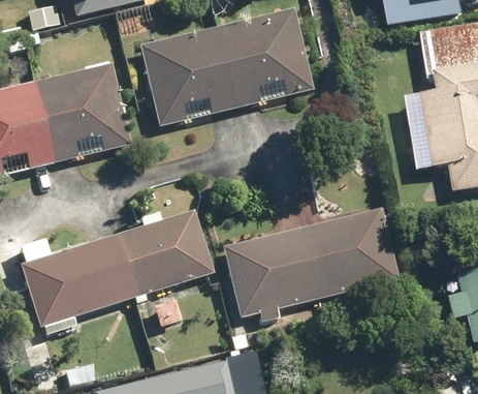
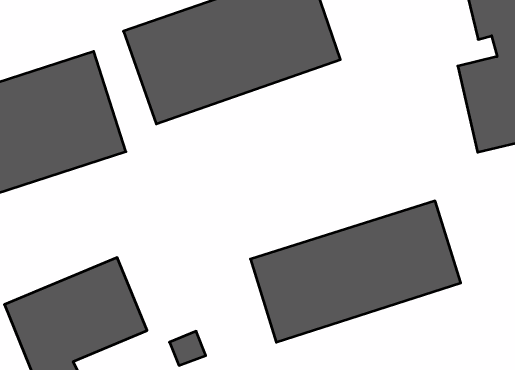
building: [116,208,215,296] -> none

